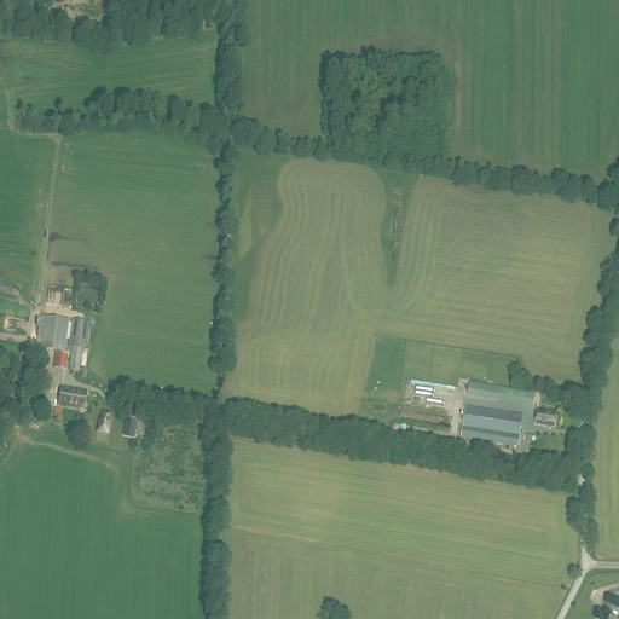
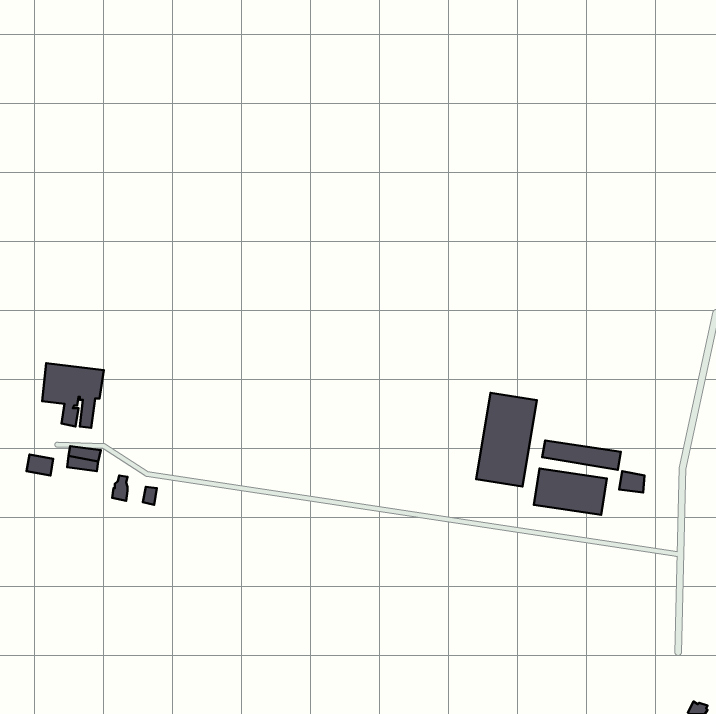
building: none -> [476,393,537,487]

